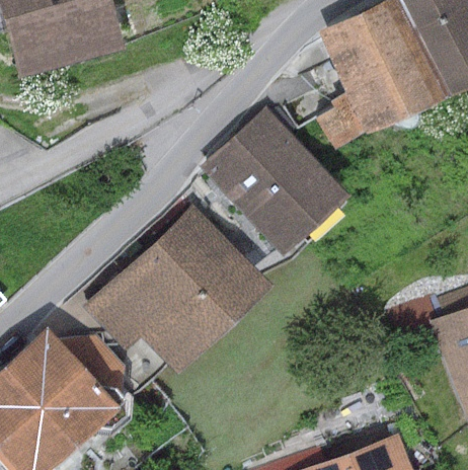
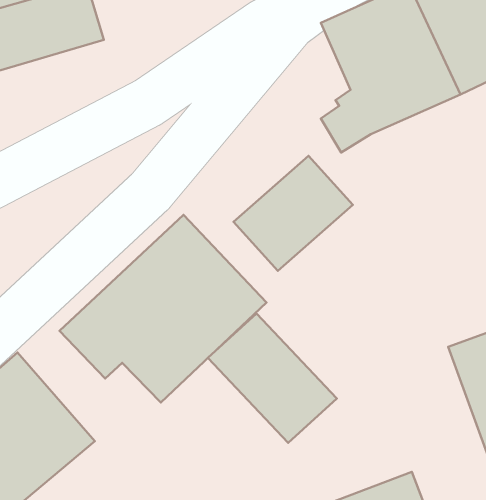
building: [203,107,308,210] -> none
building: none -> [208,314,337,443]

